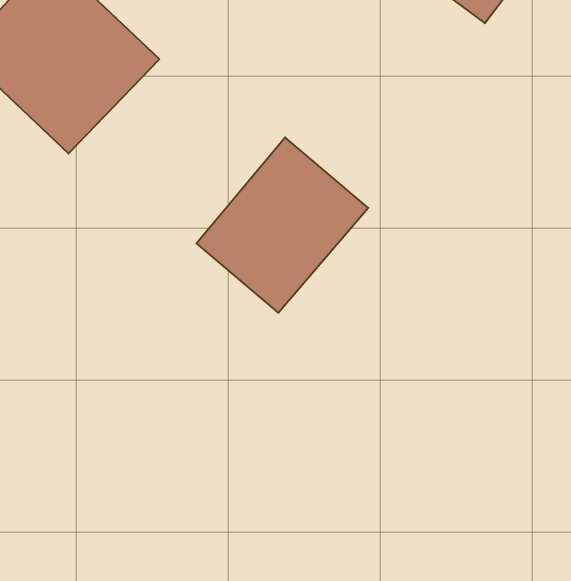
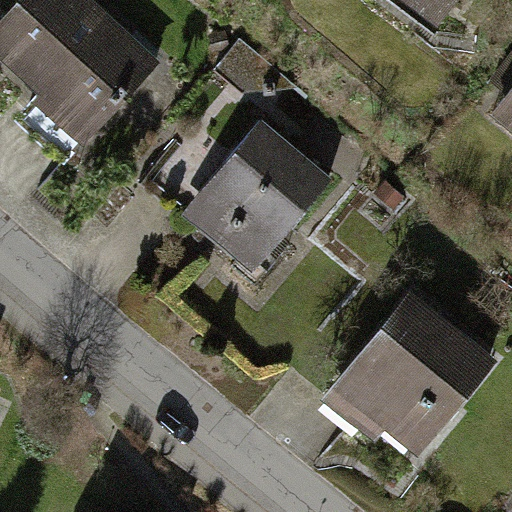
building: none -> [333,292,493,454]

